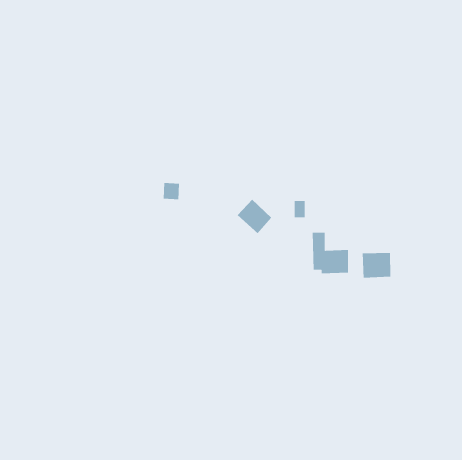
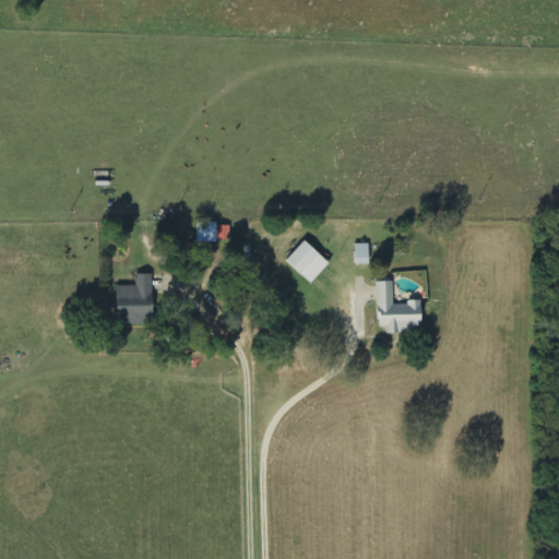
building: none -> [116,273,153,323]
building: [362,252,391,278] -> none

